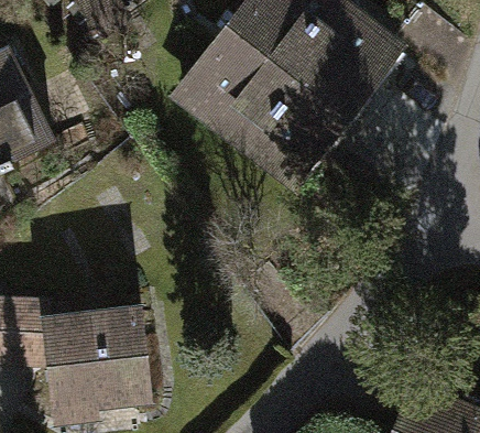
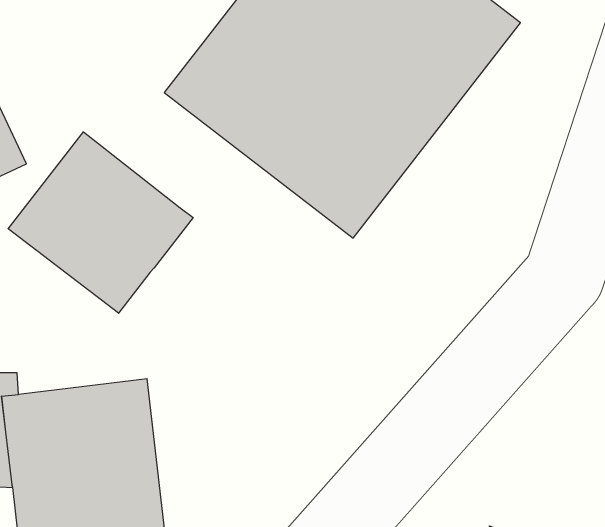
building: none -> [8,132,193,313]

